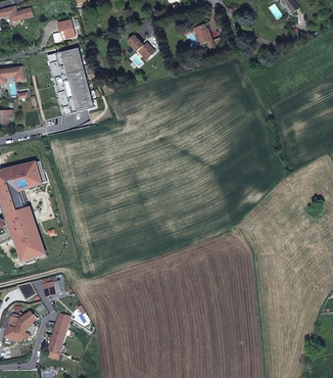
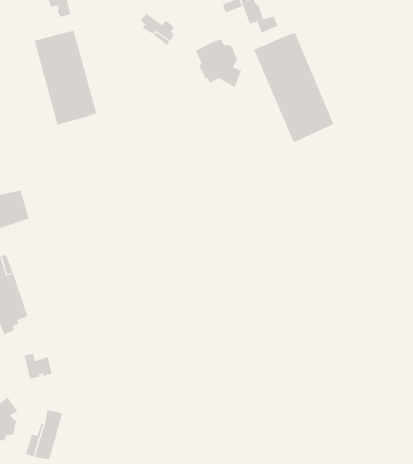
building: none -> [254,32,334,143]
building: none -> [195,38,242,88]

